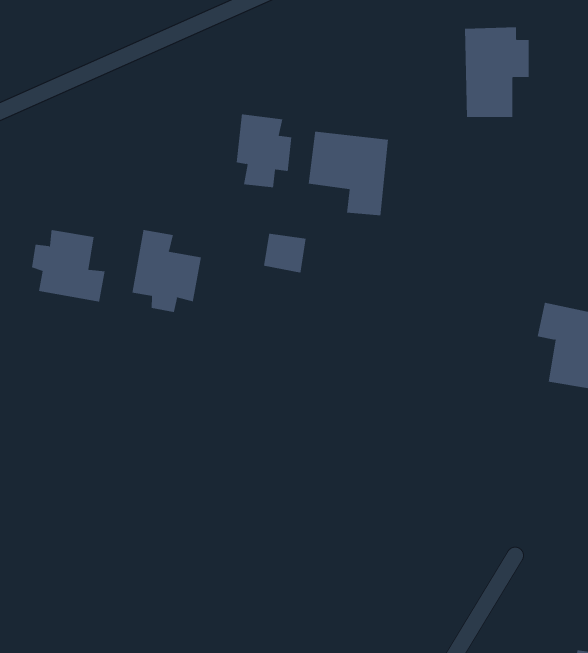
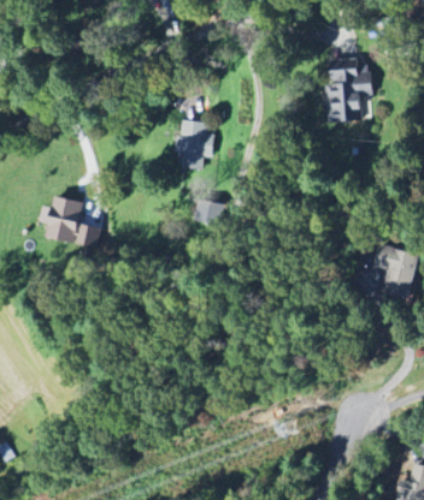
building: [308,131,388,216] -> none
building: [132,229,201,313] -> none

